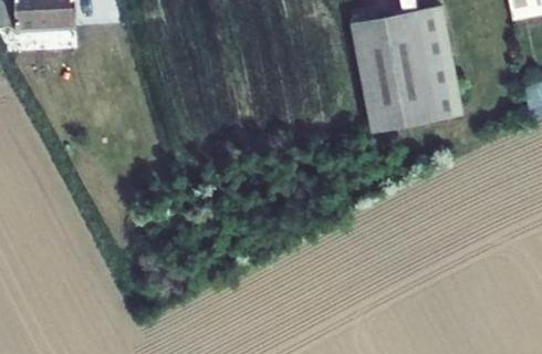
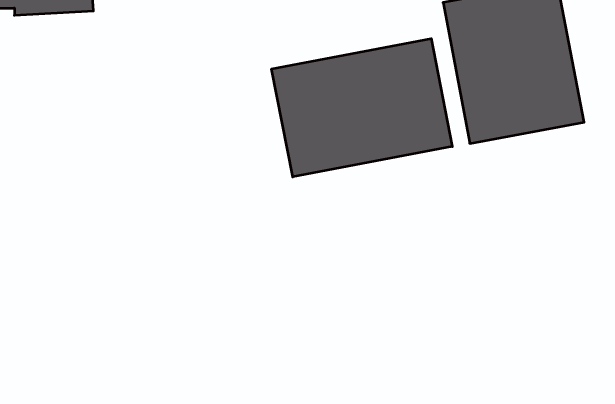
building: none -> [272,39,452,177]

